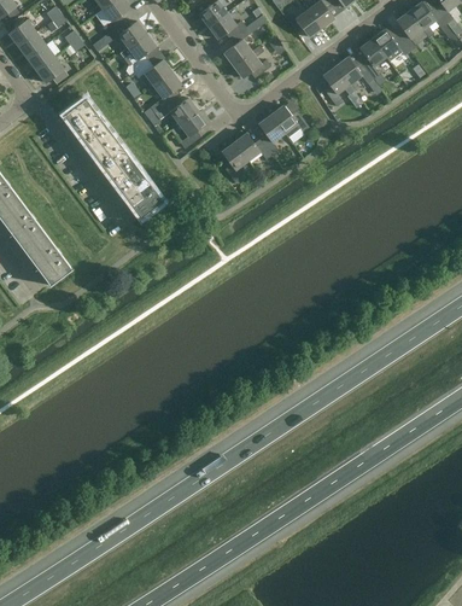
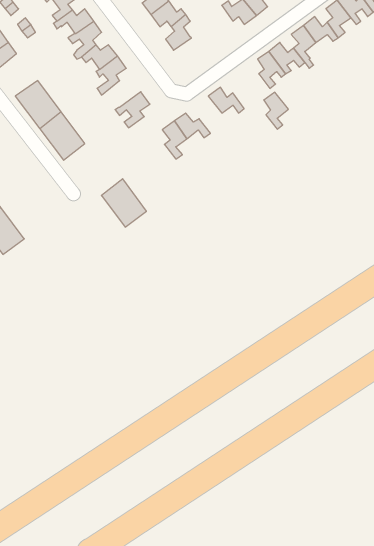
building: [233,45,271,78] -> none
building: [156,98,198,127] -> none
building: [258,115,285,155] -> [264,92,288,129]
building: [115,165,163,217] -> [101,179,146,227]

